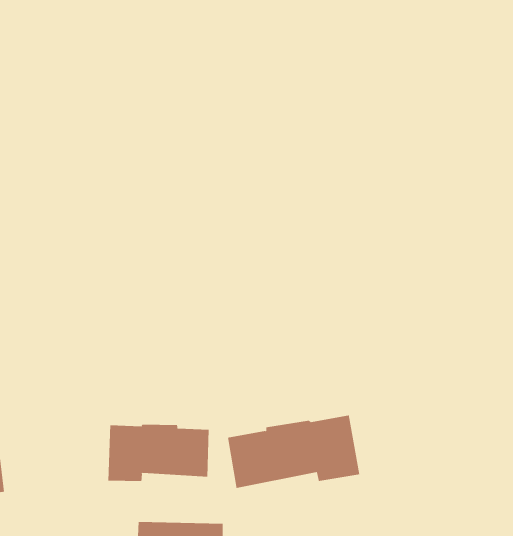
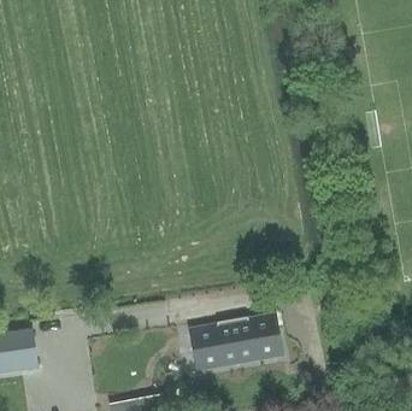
building: [108,424,209,482] -> none

